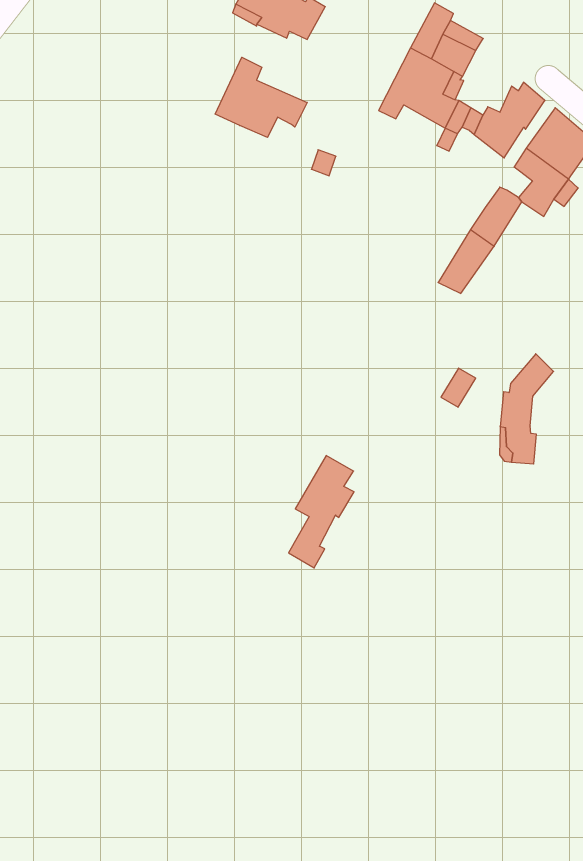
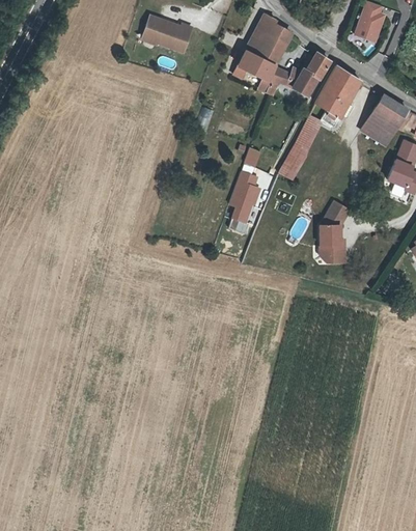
building: [215,57,307,137] -> none
building: [289,456,354,568] -> [228,170,259,233]

